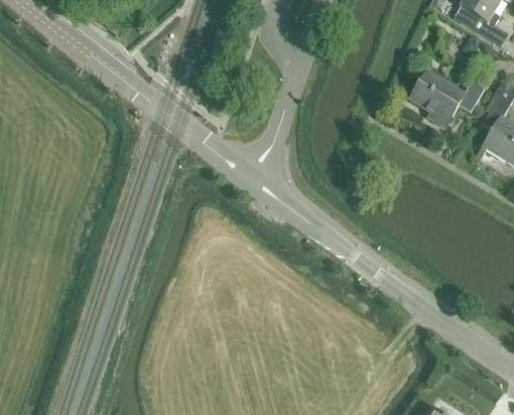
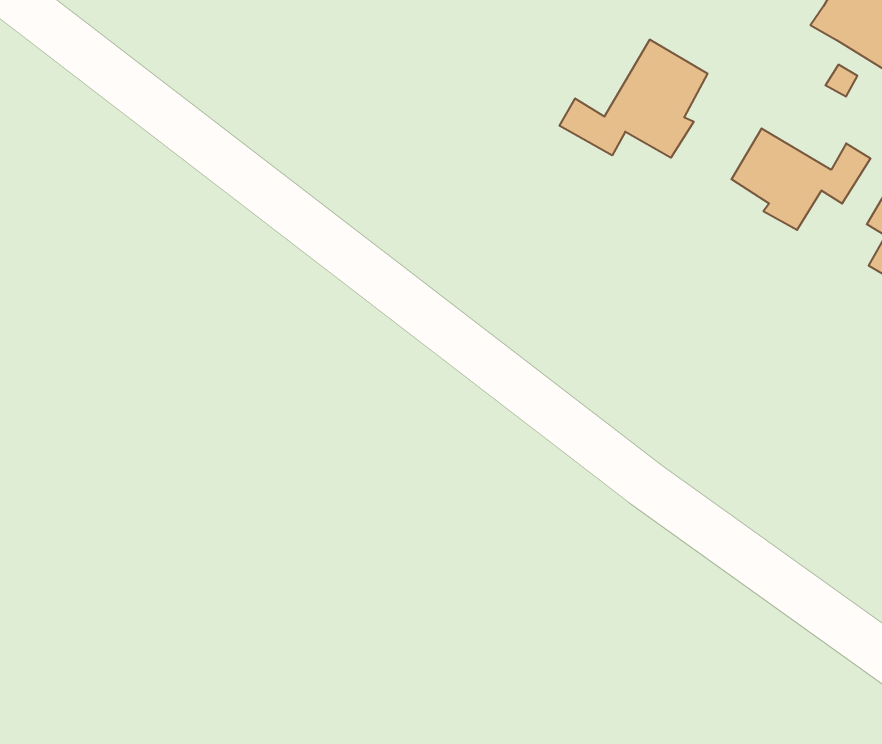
building: none -> [560,39,707,158]

